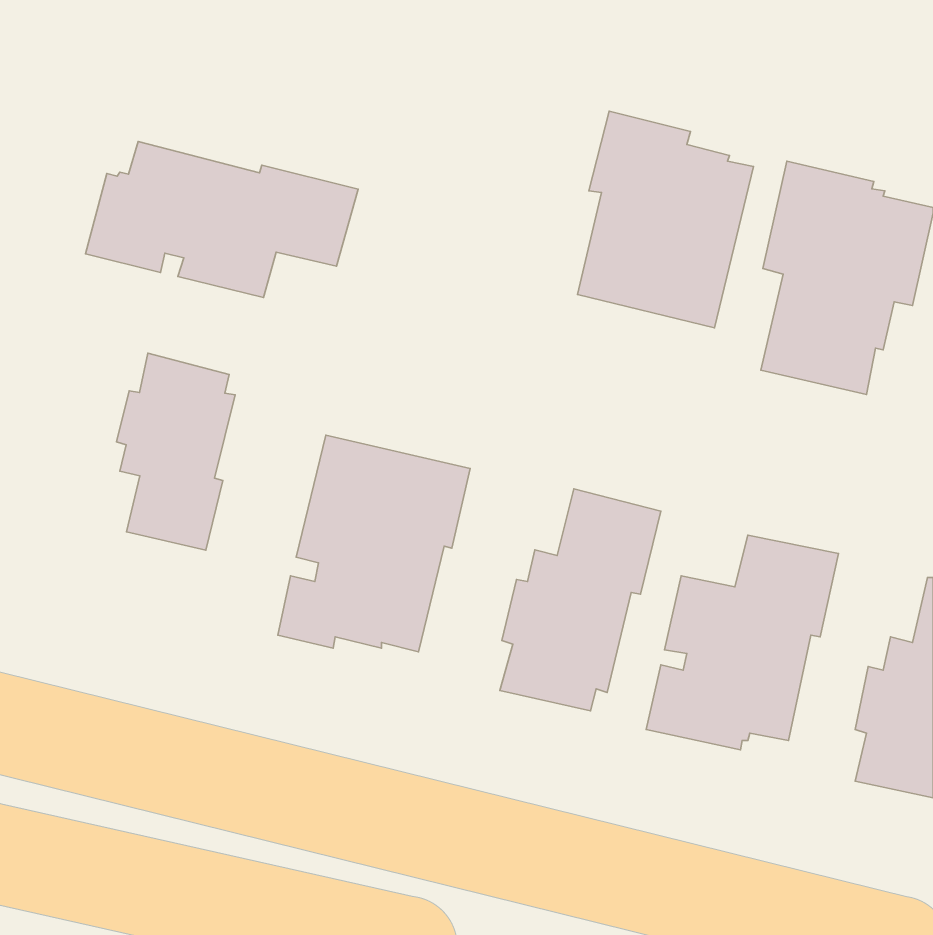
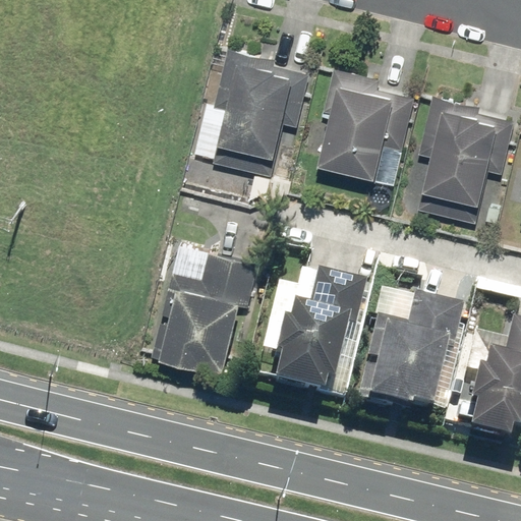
building: none -> [213,48,309,176]
building: [85,141,358,298] -> none
building: [117,353,235,550] -> none

